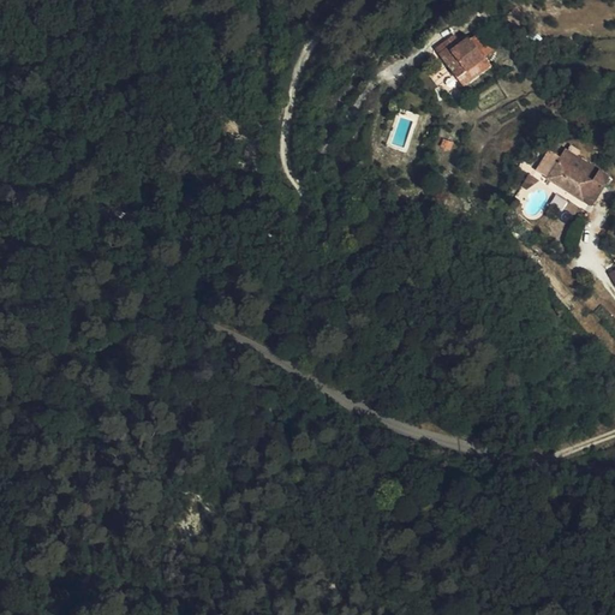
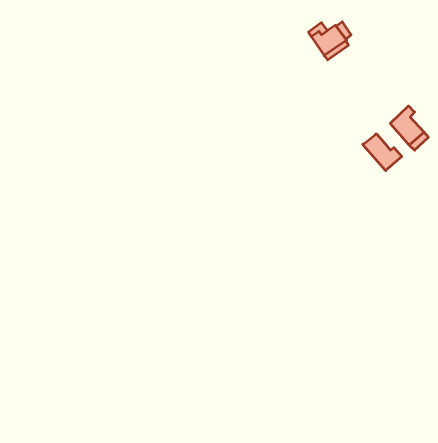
building: none -> [363,134,402,171]

